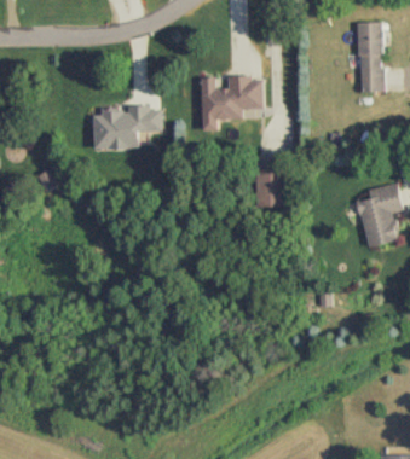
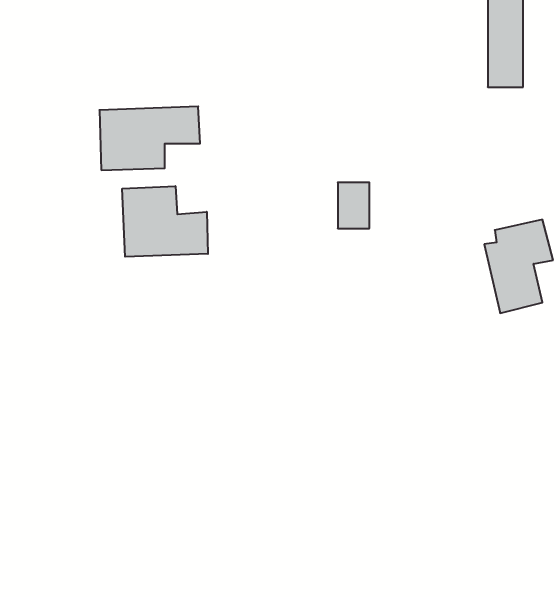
building: [200,77,262,132] -> none
building: none -> [122,186,208,257]

